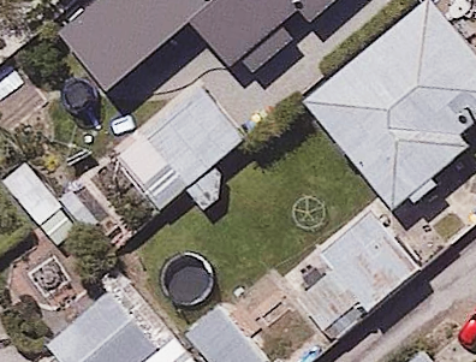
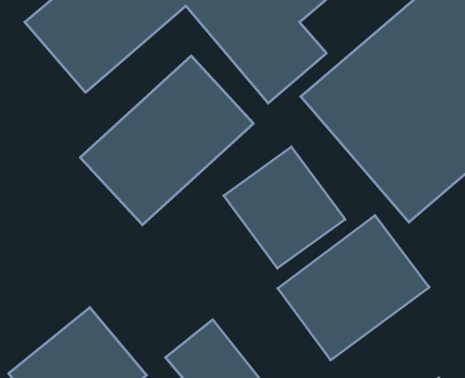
building: none -> [224,147,345,268]

